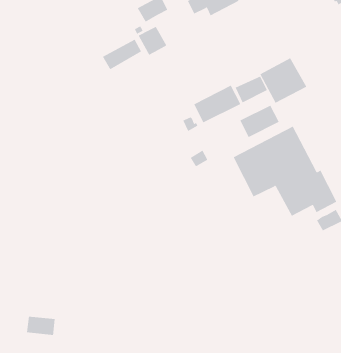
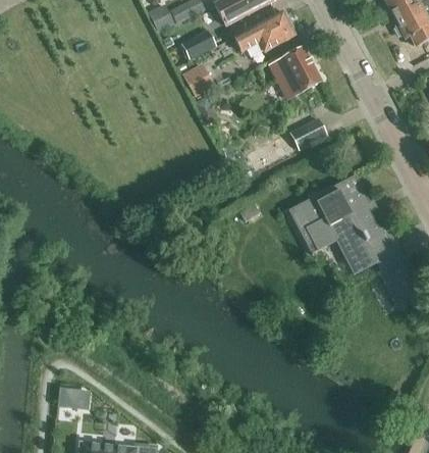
building: [102,39,142,70] -> none
building: [260,58,307,103] -> [268,47,321,98]
building: [240,105,280,138] -> none

